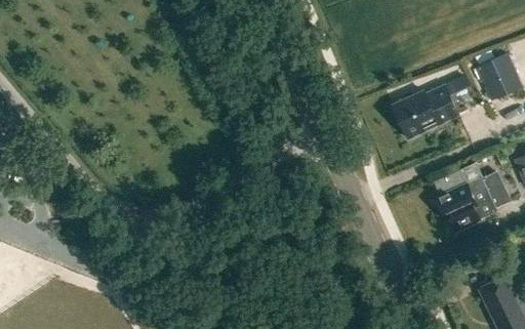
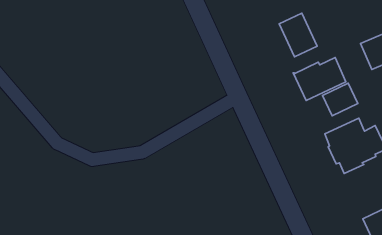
building: none -> [279,13,317,57]
building: none -> [323,83,358,116]

